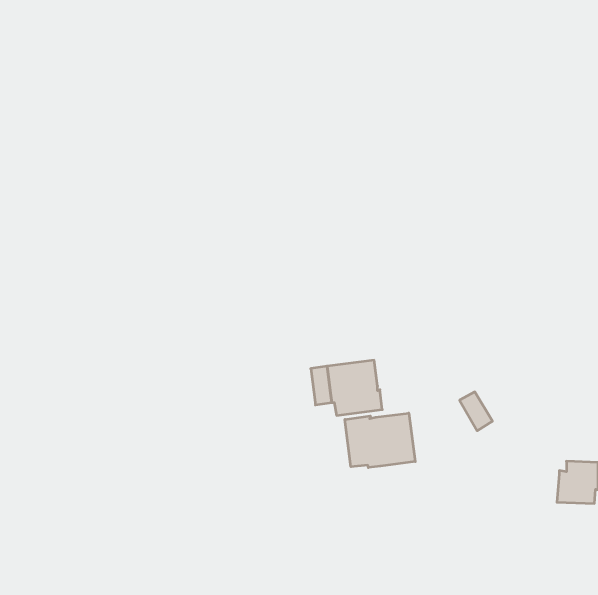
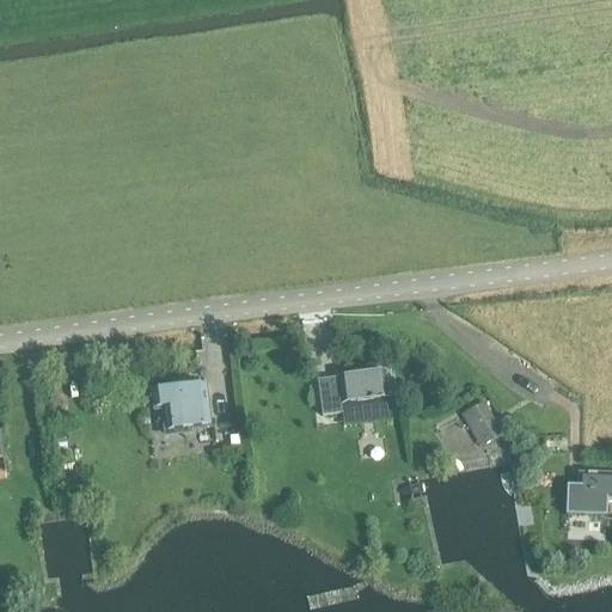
building: none -> [149,380,214,434]
building: [345,413,415,468] -> none

